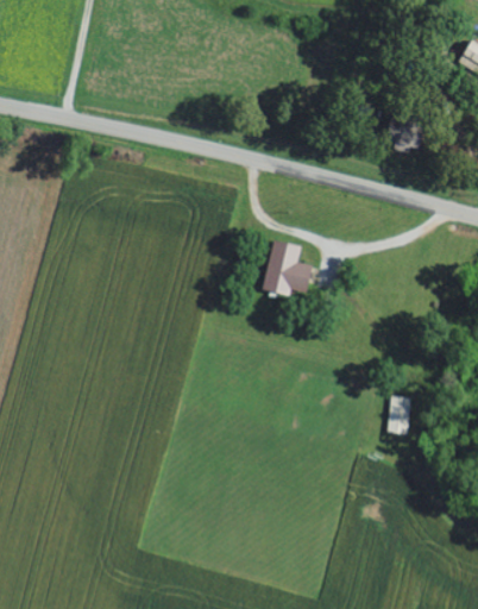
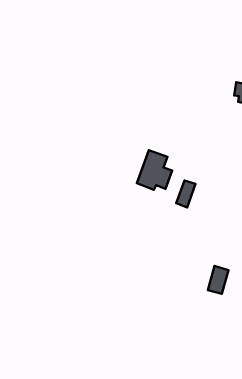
building: none -> [176,180,196,208]

